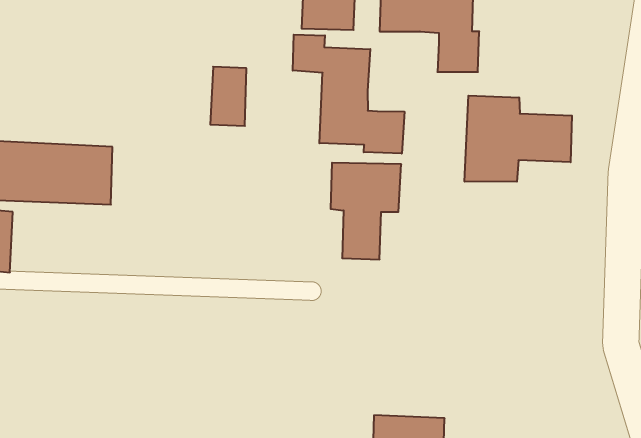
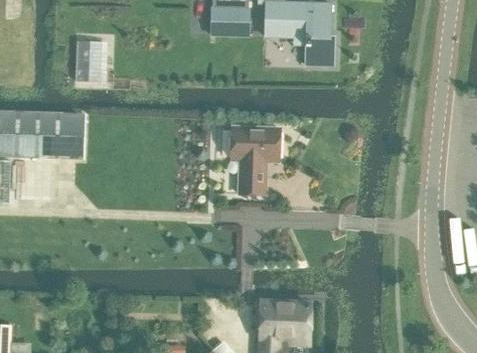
building: [293,35,404,154] -> none
building: [210,67,246,126] -> [76,40,101,81]
building: [465,96,572,182] -> none

